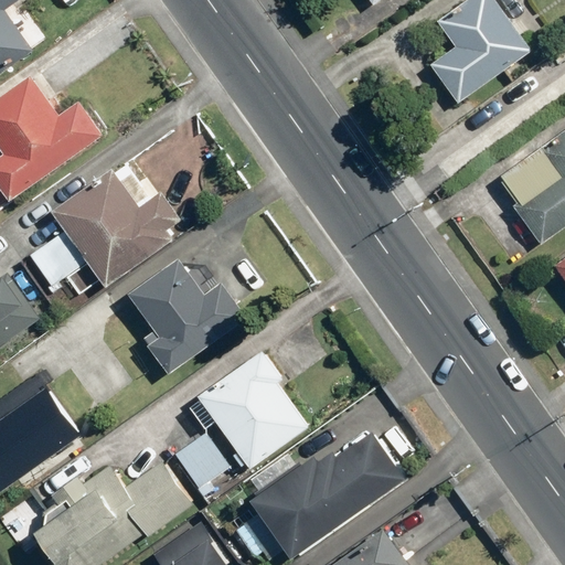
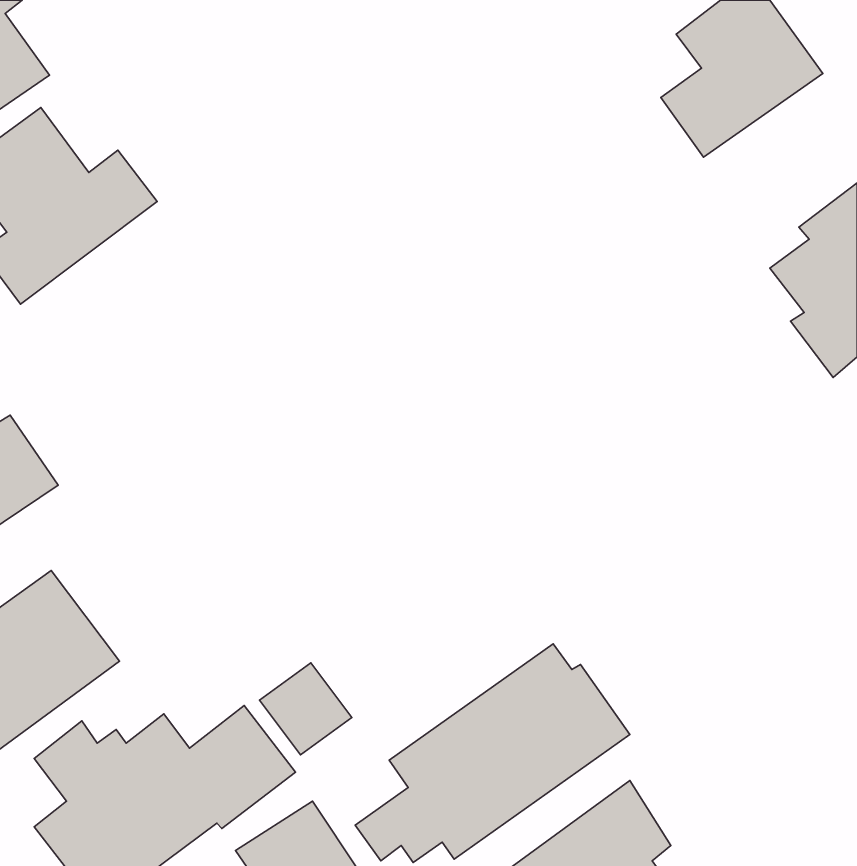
building: [24,161,179,298] -> none
building: [127,256,245,373] -> none
building: [186,351,309,470] -> none

